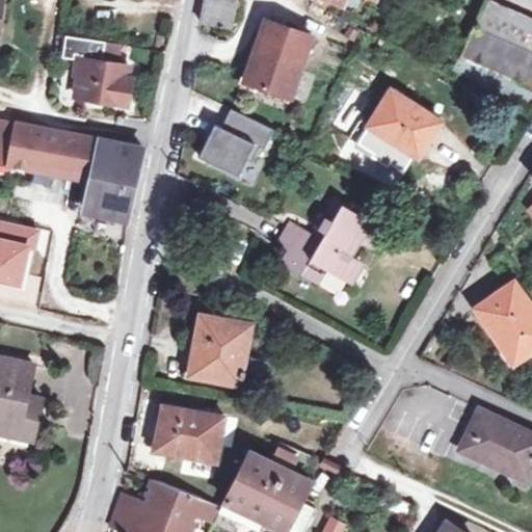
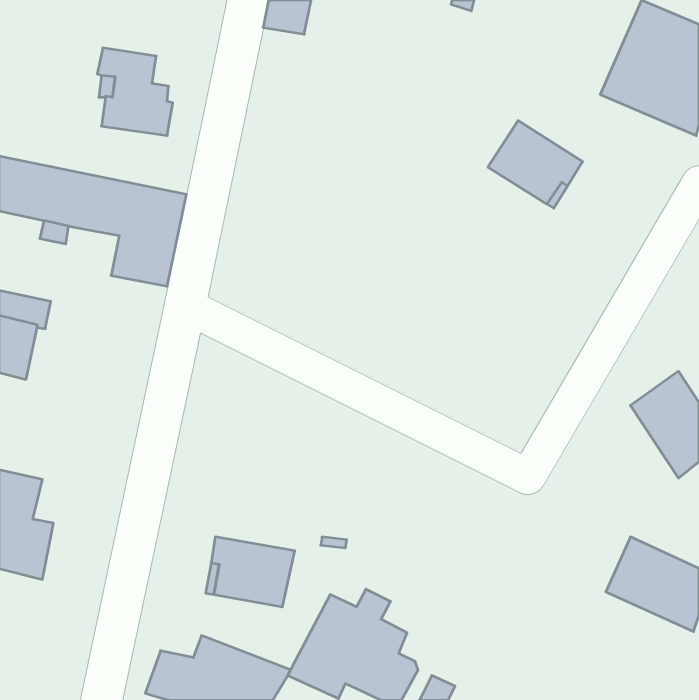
building: [239,23,303,97] -> none
building: [202,109,276,176] -> none
building: [277,202,385,285] -> none
building: [194,316,264,389] -> none

